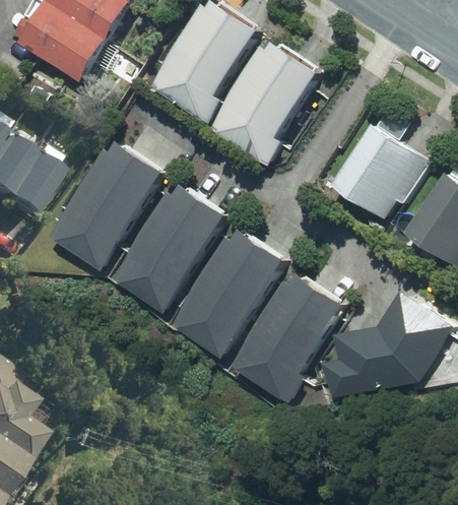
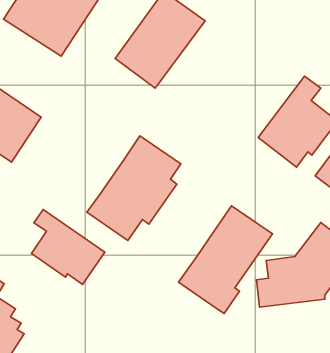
building: [209,41,323,163] -> none
building: [48,139,167,271] -> none
building: [171,227,288,360] -> none
building: none -> [31,210,105,285]

